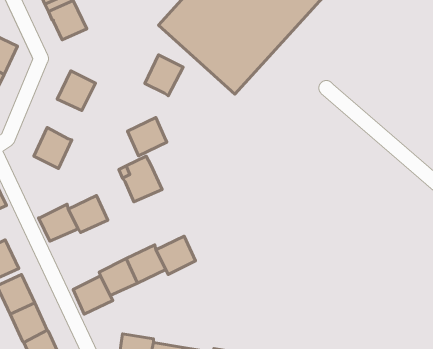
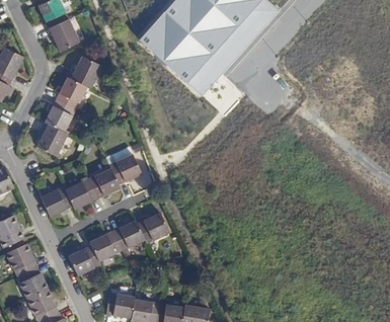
building: [145,55,183,96] -> [71,56,102,89]
building: none -> [45,100,76,133]
building: [127,118,167,156] -> [88,168,121,199]

